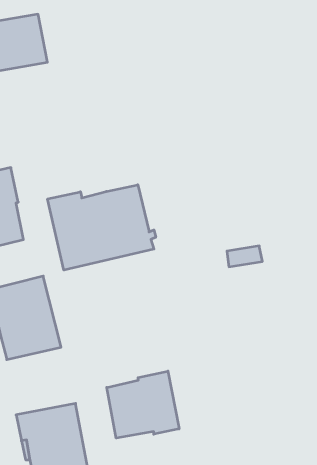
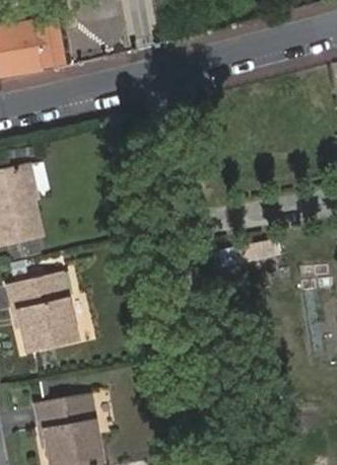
building: [48,185,156,270] -> none
building: [107,371,179,438] -> none

